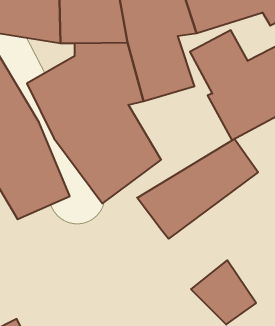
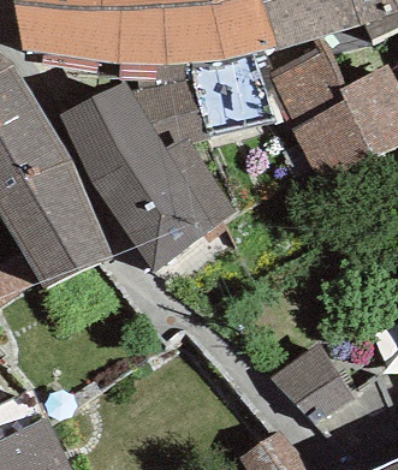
building: [137,139,258,239] -> none

